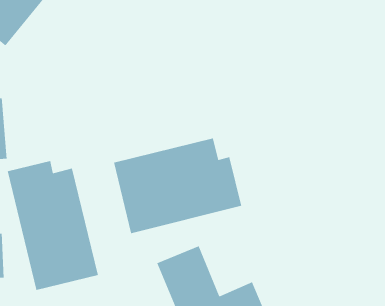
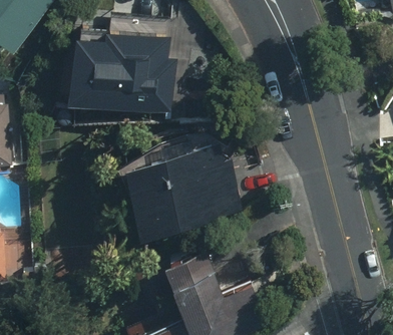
building: none -> [65,31,177,111]
building: [7,160,99,291] -> none

